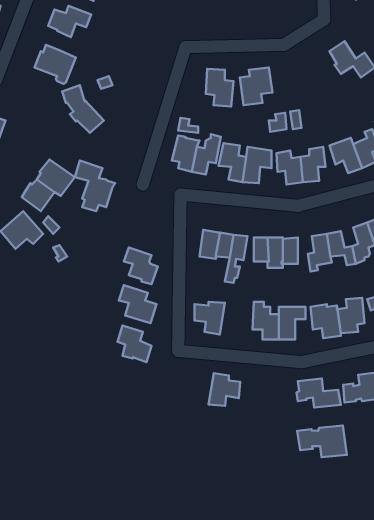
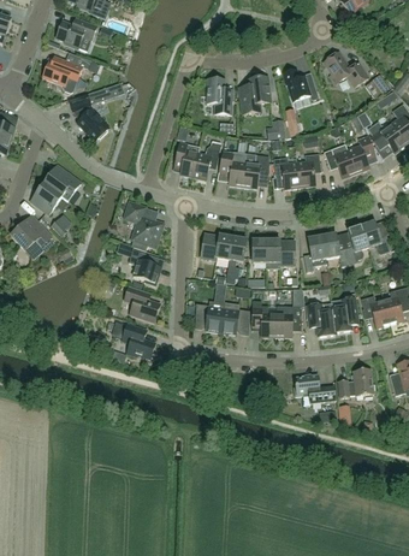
building: none -> [284,69,319,101]
building: [75,161,115,211] -> [125,202,164,250]
building: [209,373,240,406] -> [220,302,250,333]
building: [297,426,347,457] -> none

